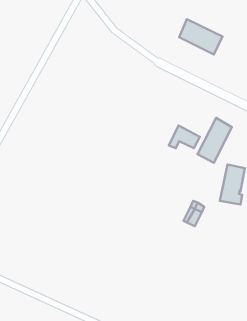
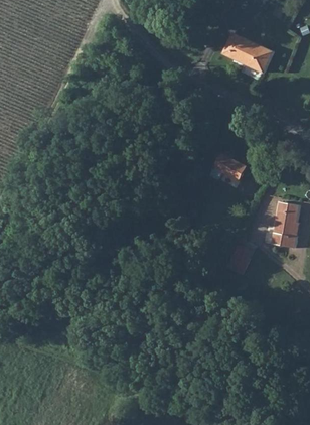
building: [197,118,232,163] -> none

